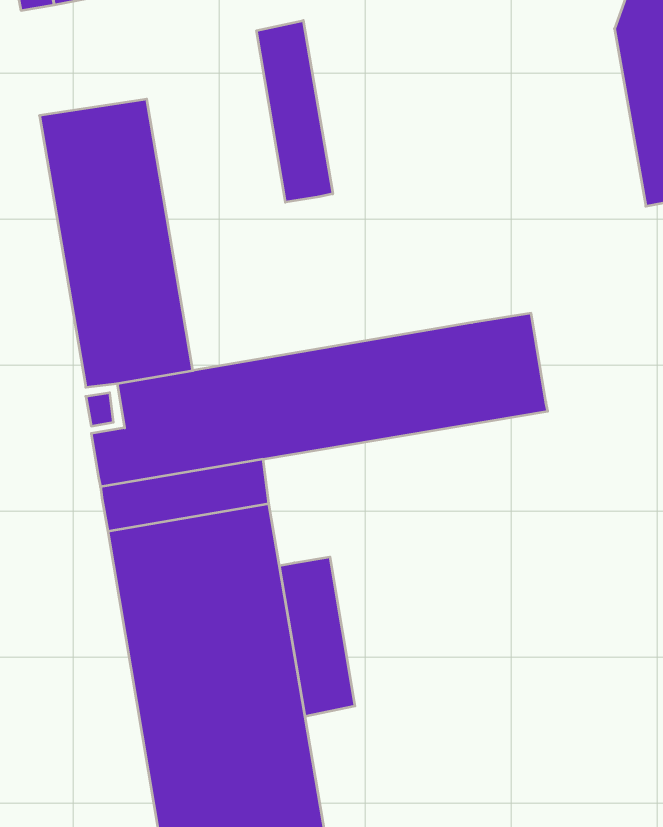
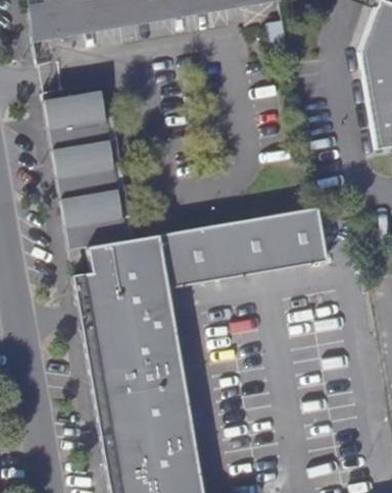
building: [257,20,333,202] -> none
building: [280,557,355,716] -> none

